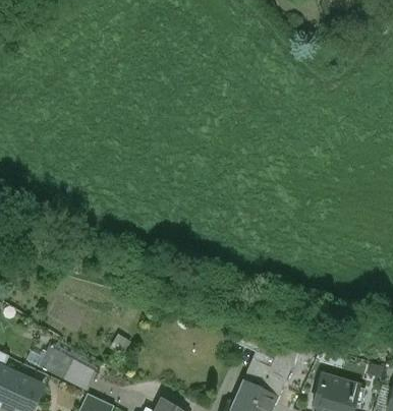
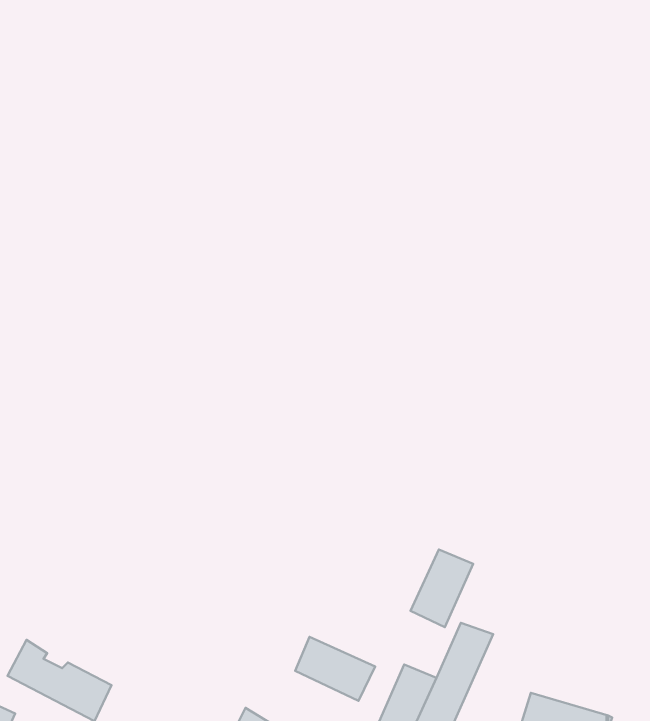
building: none -> [410,550,473,627]
building: none -> [295,637,375,701]

